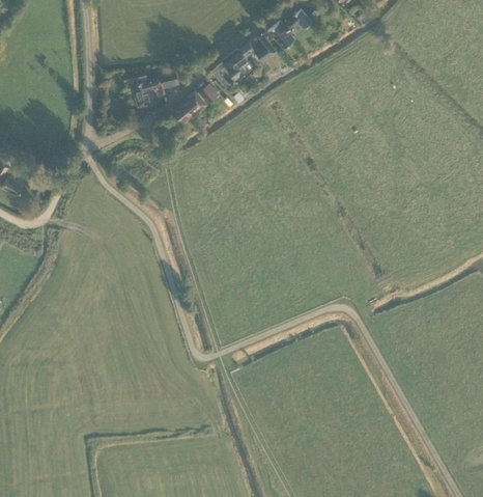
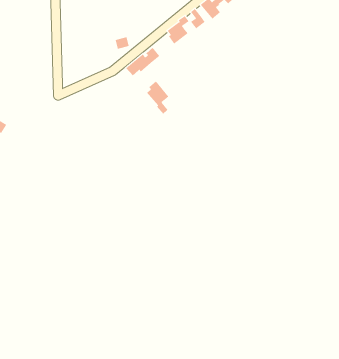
building: [132,75,159,108] -> none
building: none -> [146,80,169,114]

